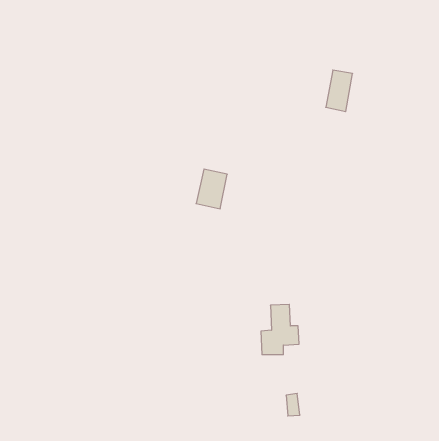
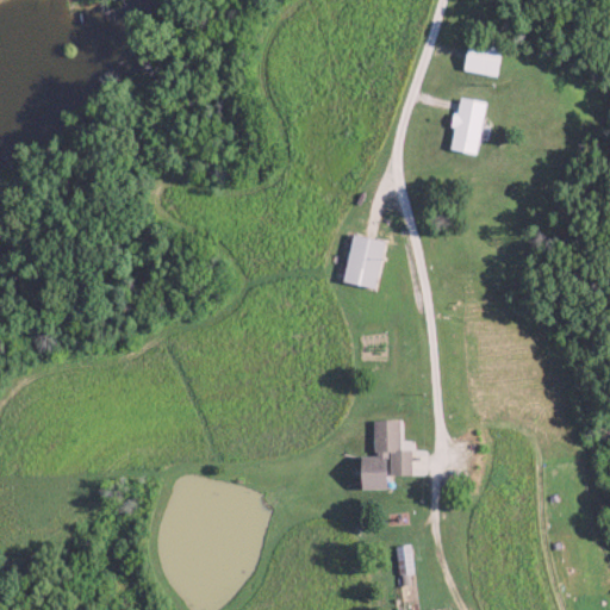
building: none -> [466,44,503,75]
building: [196,169,227,209] -> [343,235,386,290]

